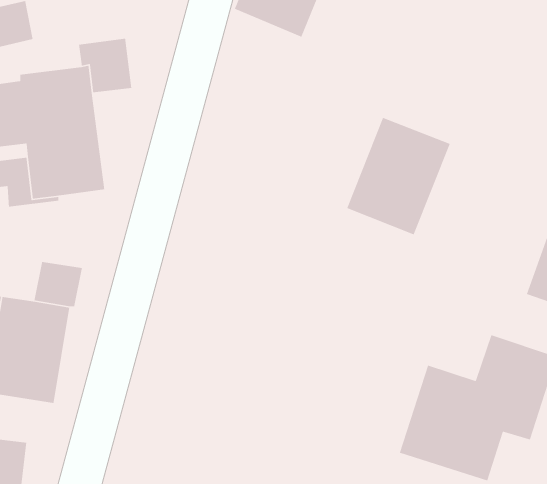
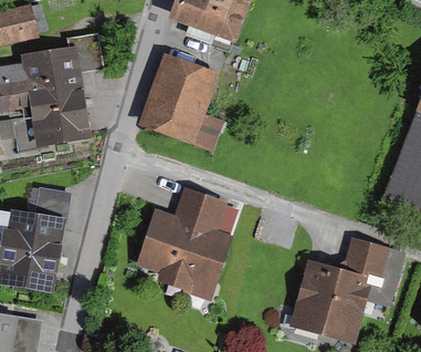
building: [346,117,451,236] -> [144,55,217,138]
building: none -> [138,190,230,292]

